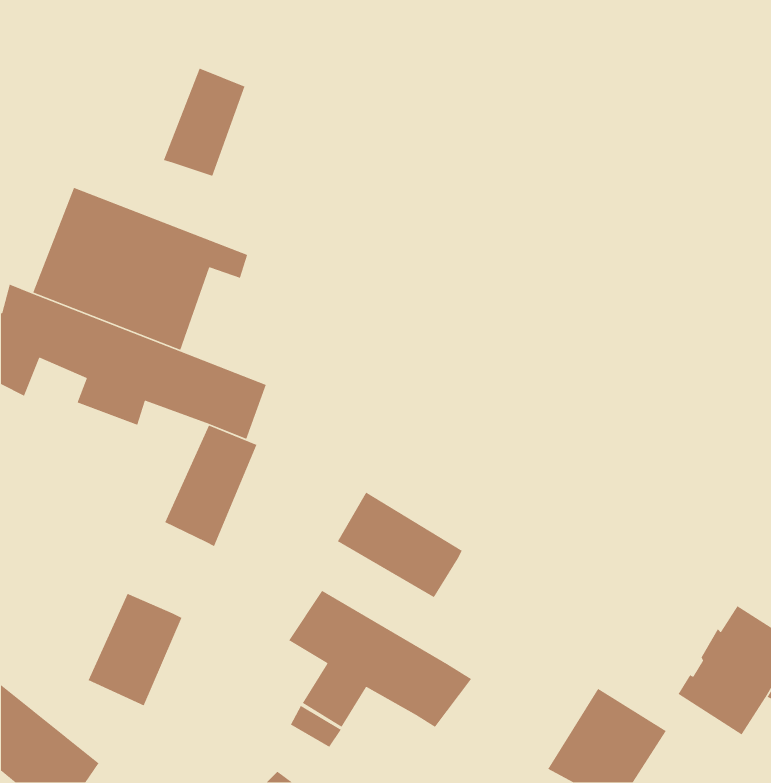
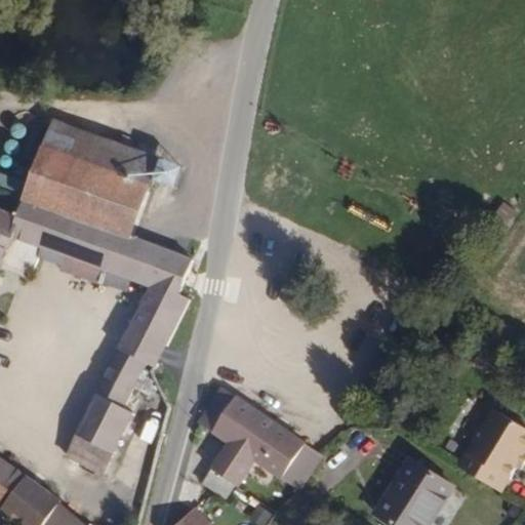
building: [163,68,245,177] -> none
building: [337,492,463,598] -> none
building: none -> [93,350,146,410]

